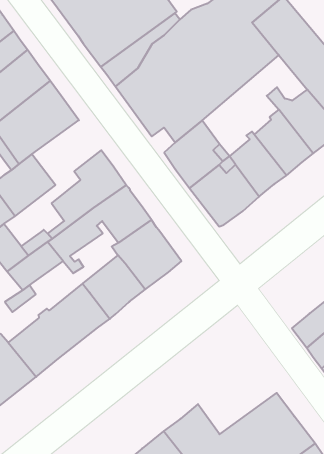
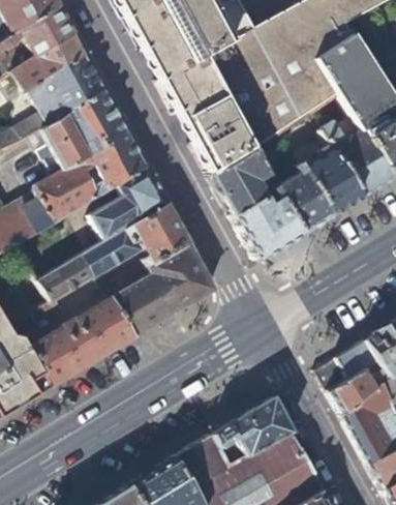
building: none -> [78,132,148,195]
building: none -> [212,396,293,467]

